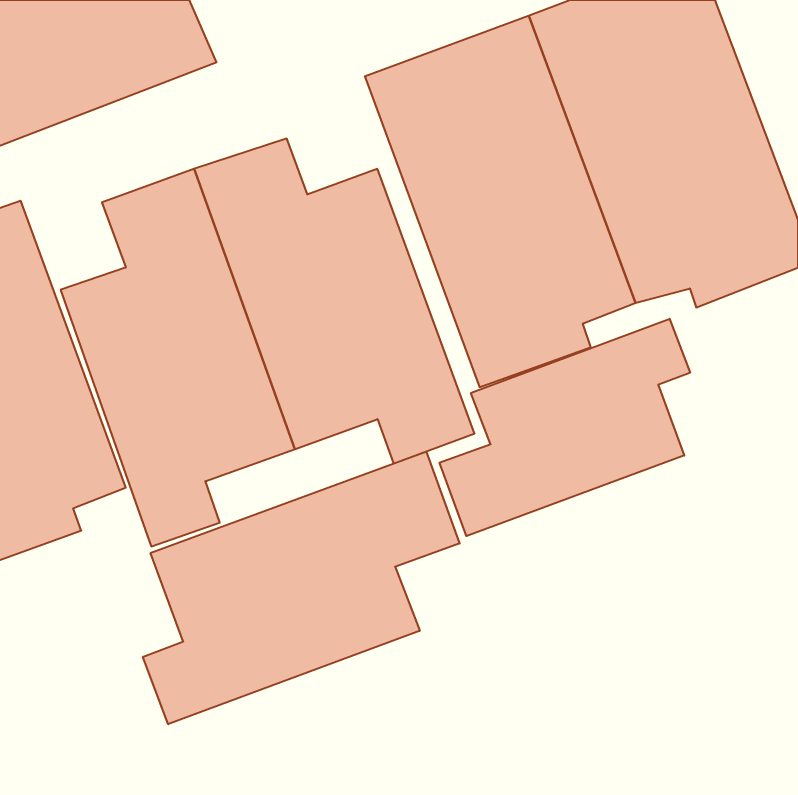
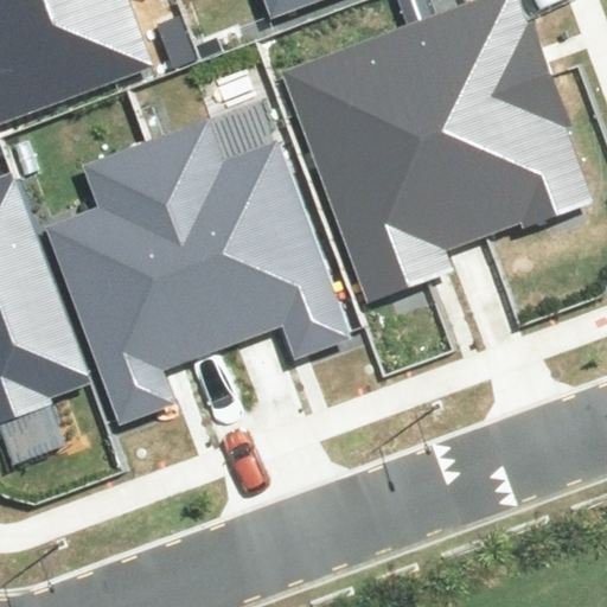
building: [440,319,690,536] -> none
building: [143,452,460,724] -> none

